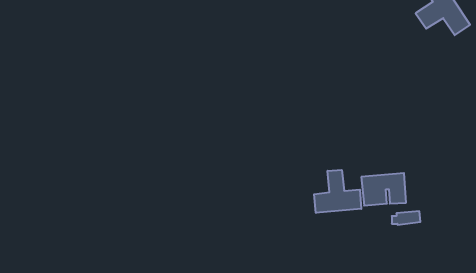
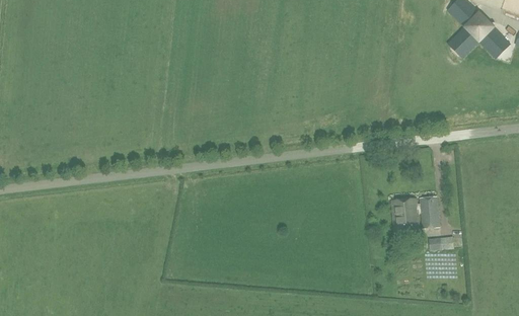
building: [314,170,361,213] -> none

